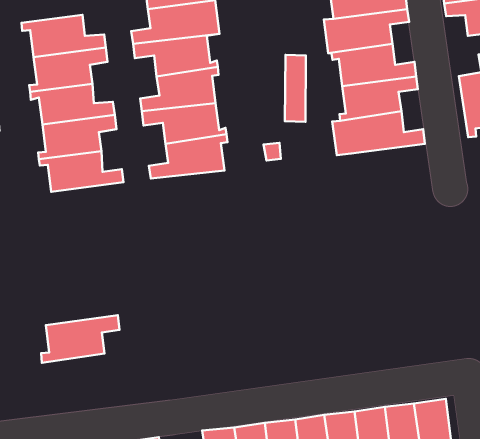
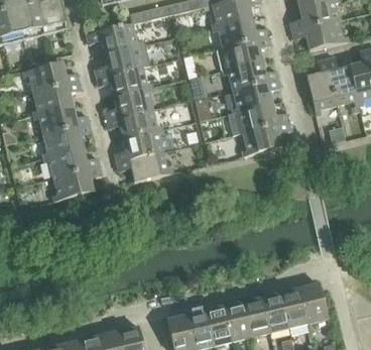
building: none -> [242,122,290,156]
building: none -> [116,152,172,183]
building: [41,315,120,363] -> [52,166,101,202]

